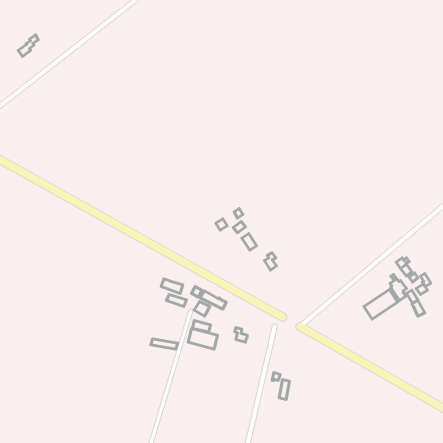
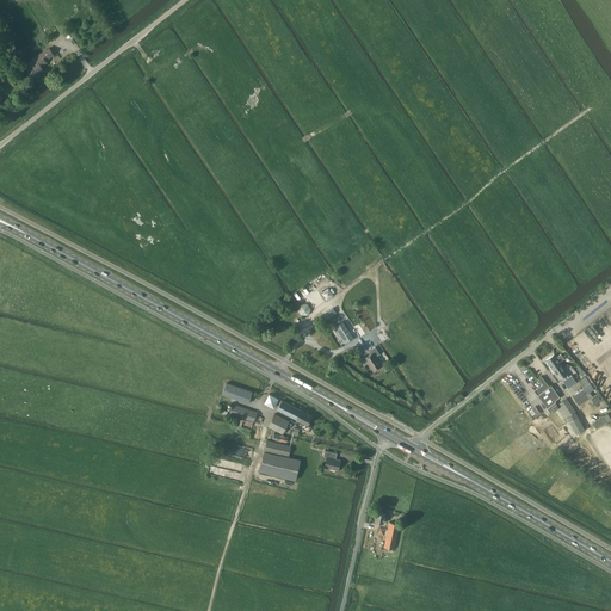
building: [364,290,398,319] -> none

